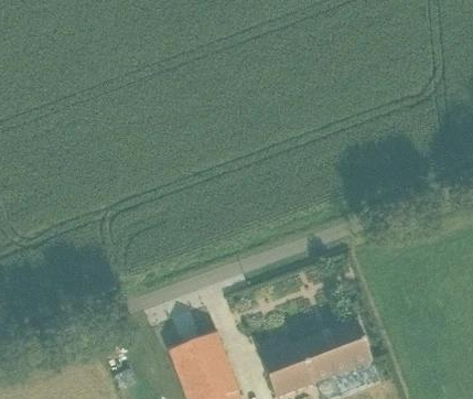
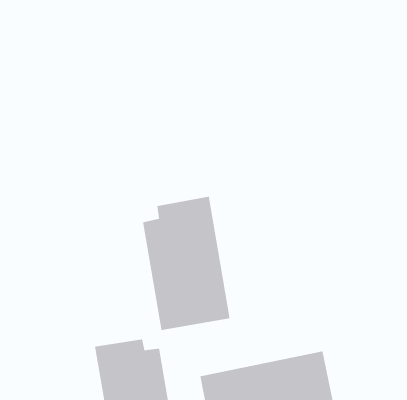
building: none -> [143,196,230,331]

